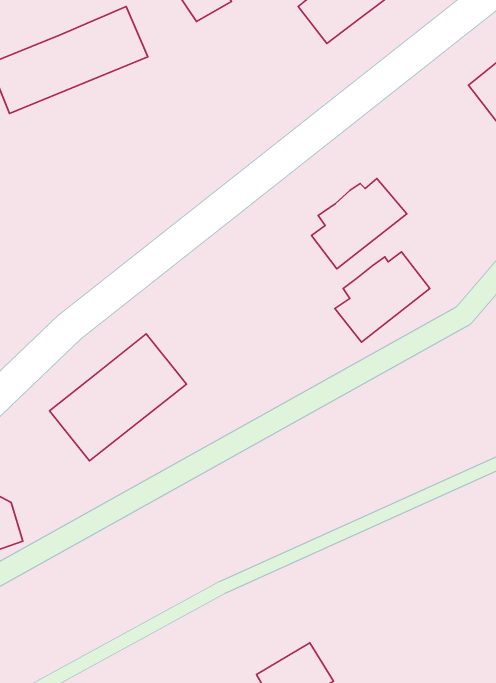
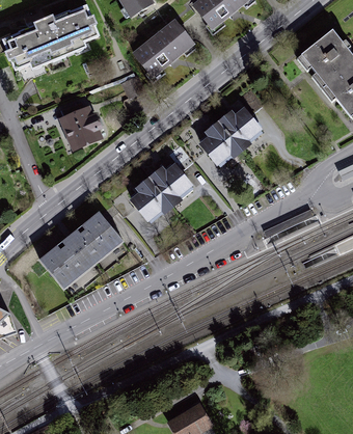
building: none -> [134,21,193,76]
building: none -> [60,101,101,147]
building: [335,252,430,342] -> [129,169,188,225]

